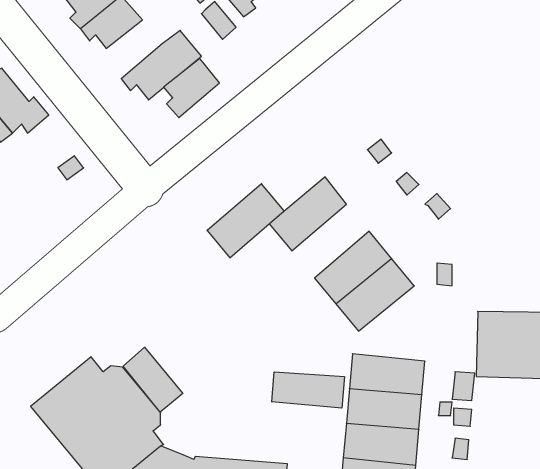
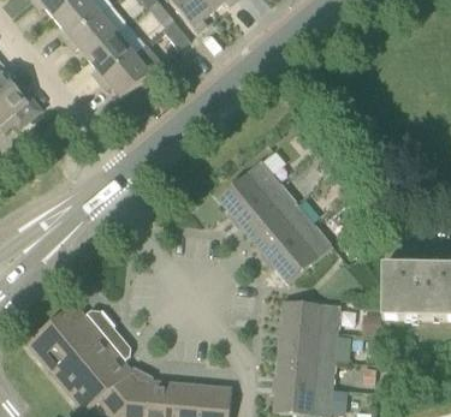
building: [164,59,219,118] -> [87,32,131,79]
building: [207,184,284,258] -> [235,179,296,238]
building: [123,347,183,412] -> none
building: [272,372,344,408] -> none

